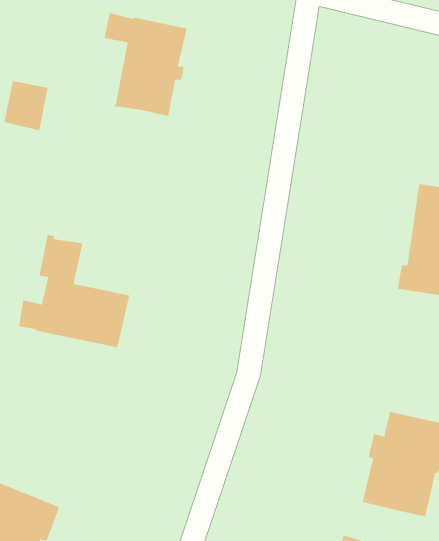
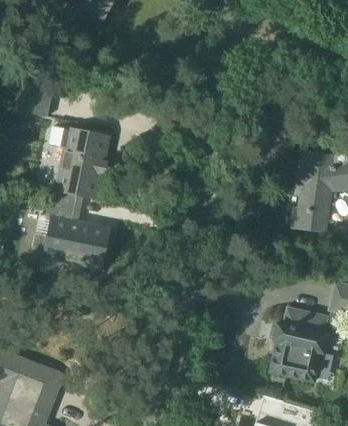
building: [103,12,188,117] -> [51,126,109,198]

